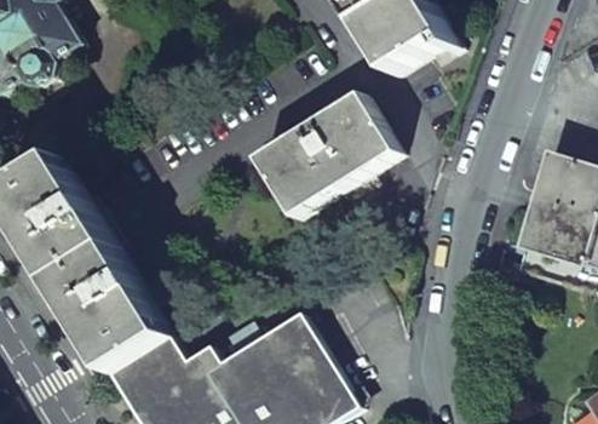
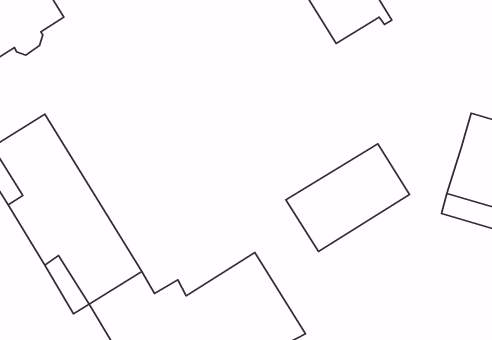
building: [255,93,397,217] -> [286,144,409,251]

